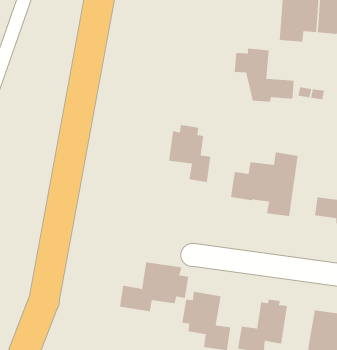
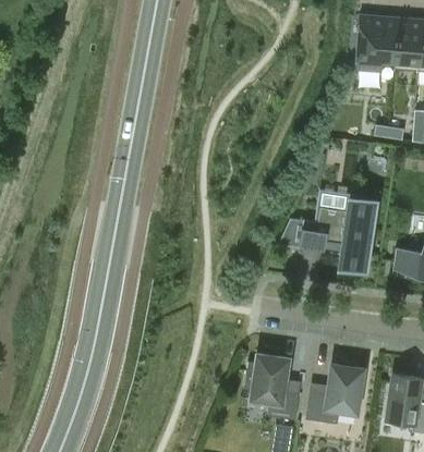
building: [234,48,294,102] -> none
building: [168,124,211,183] -> none
building: [119,261,189,312] -> none

